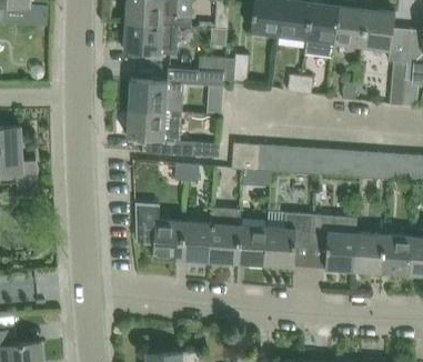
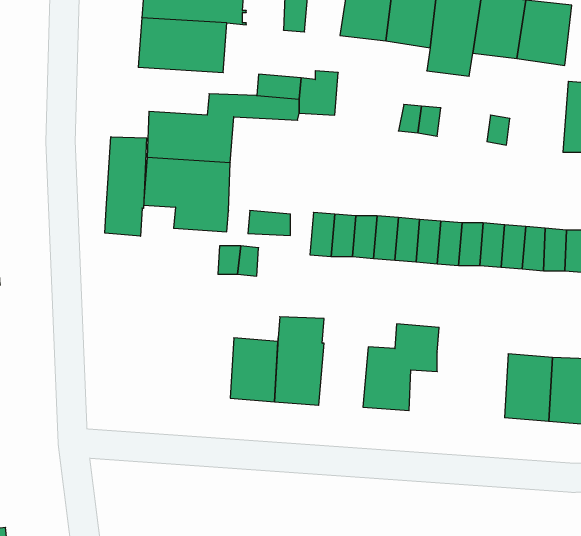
building: none -> [105,137,147,236]
building: [134,213,183,260] -> none
building: [311,215,356,272] -> none
building: [236,225,268,265] -> none

